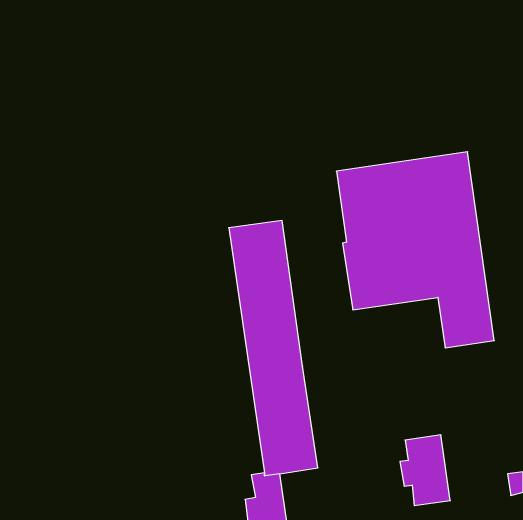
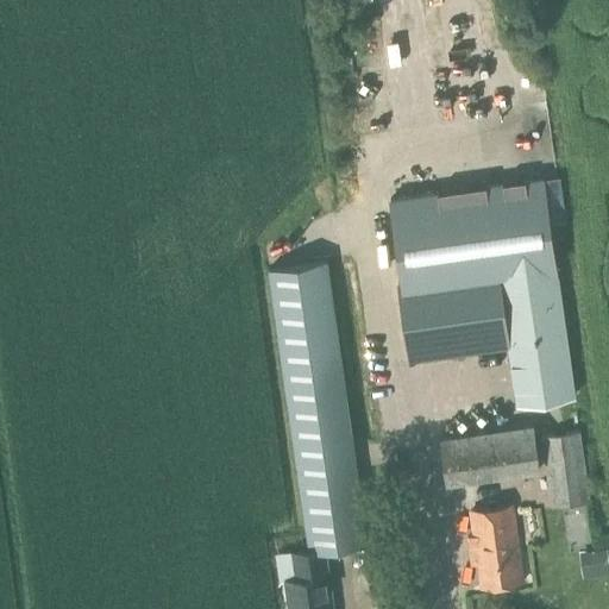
building: none -> [440,428,538,484]
building: none -> [541,434,590,510]

